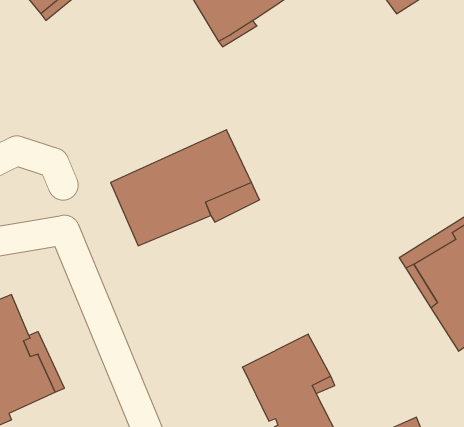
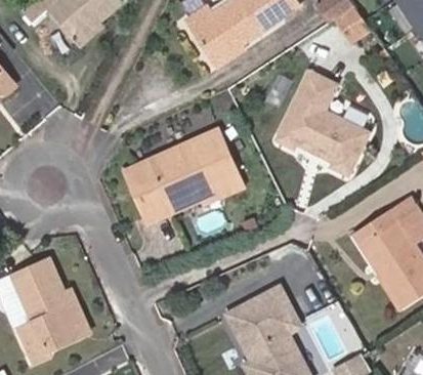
building: none -> [273,70,368,174]

